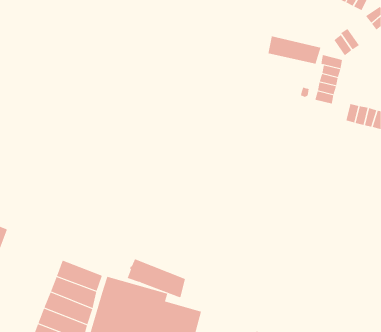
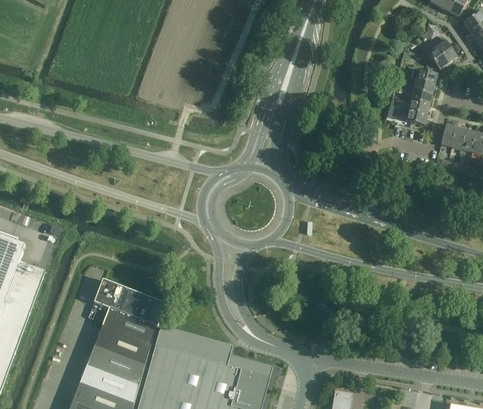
building: [268,35,321,65] -> none
building: [127,258,186,299] -> [93,279,162,326]

